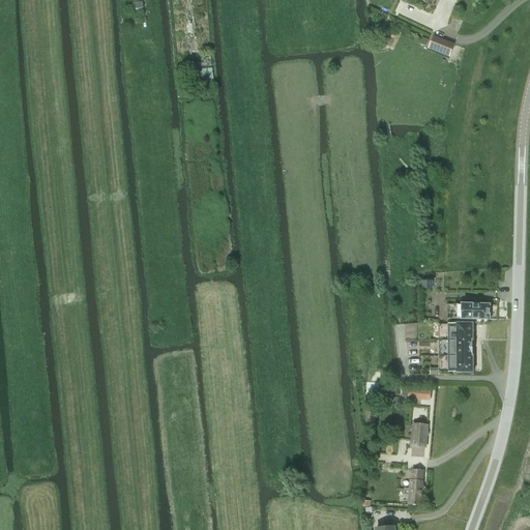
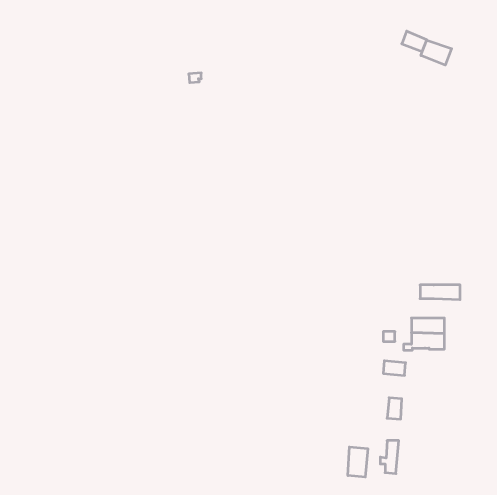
building: none -> [421,40,452,65]
building: [438,322,473,338] -> none
building: none -> [348,447,368,477]

